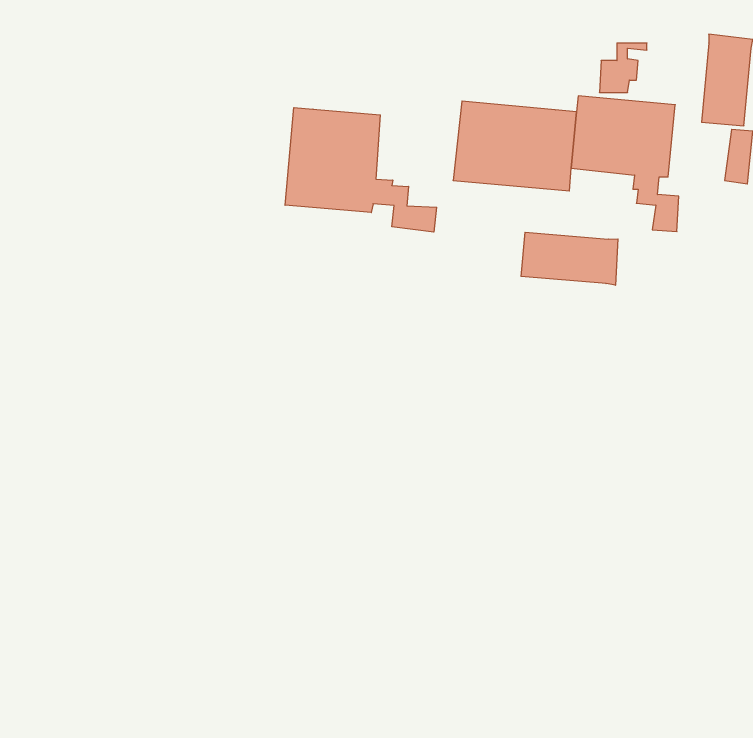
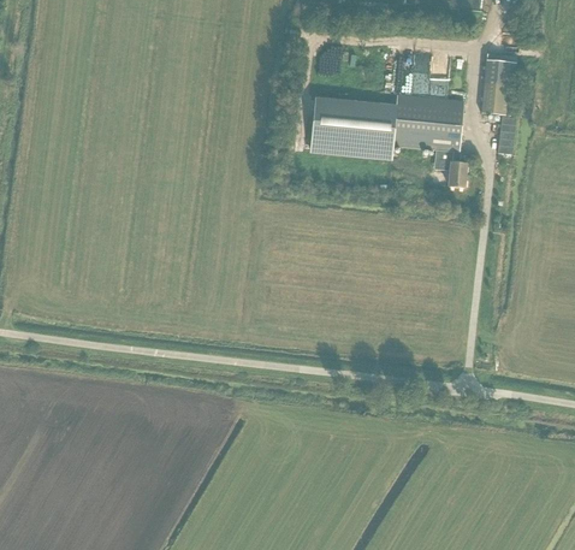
building: [285,108,437,232] -> none
building: [521,232,618,285] -> none

